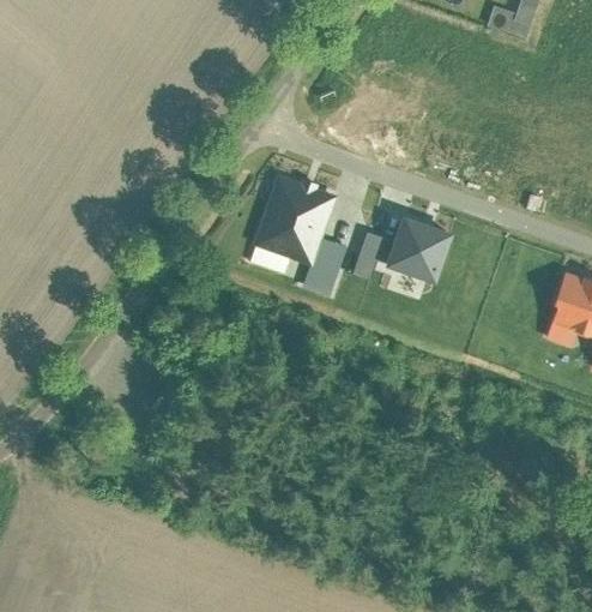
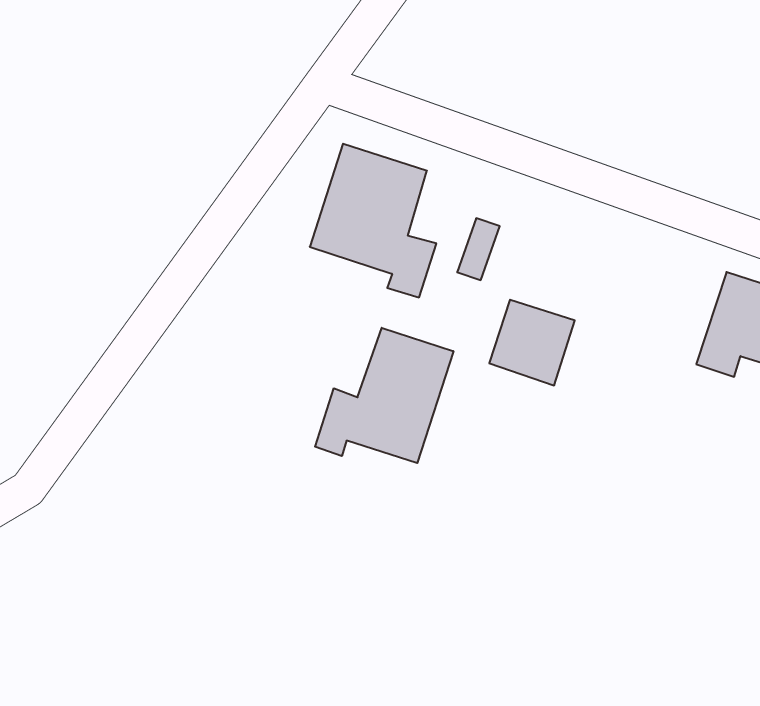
building: [387,218,452,283] -> [489,300,575,385]
building: none -> [315,328,453,463]

